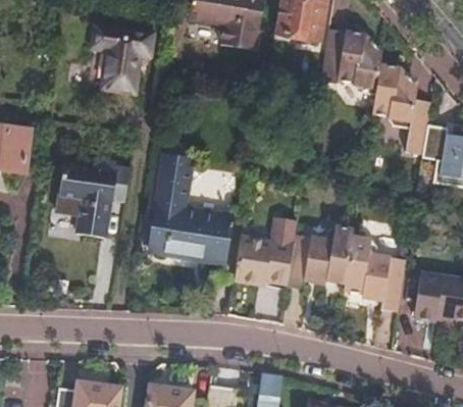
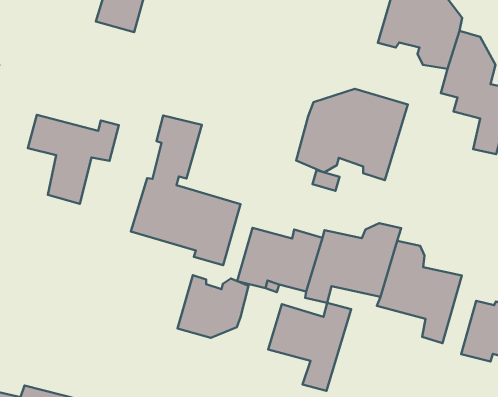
building: none -> [296,89,408,180]
building: none -> [178,275,248,338]
building: none -> [268,303,351,391]

